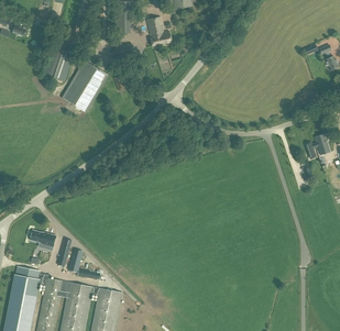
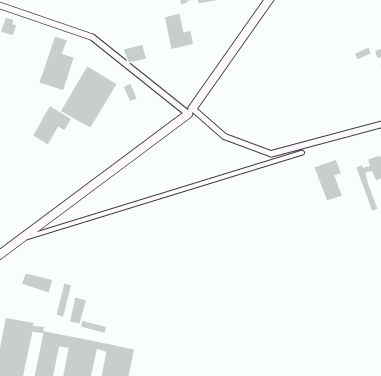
building: none -> [32,105,72,145]
building: none -> [314,159,343,201]

